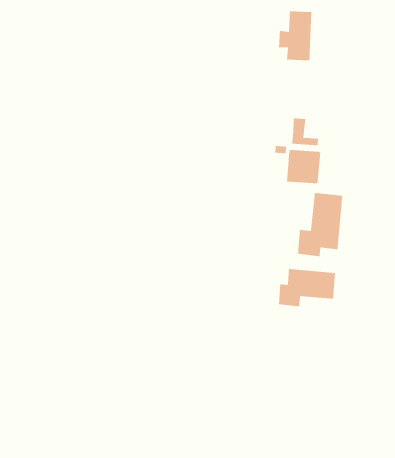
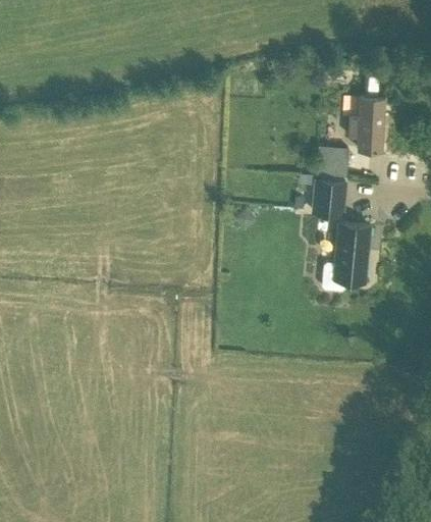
building: [278,10,312,61] -> [352,98,386,150]
building: [278,268,336,307] -> none

